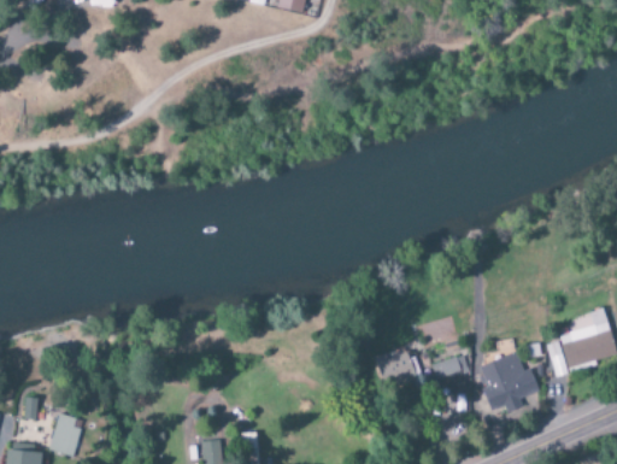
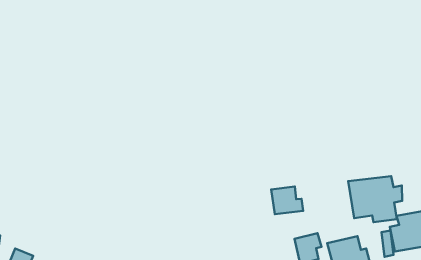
building: none -> [348,176,402,222]
building: [376,348,422,388] -> [271,187,303,214]

